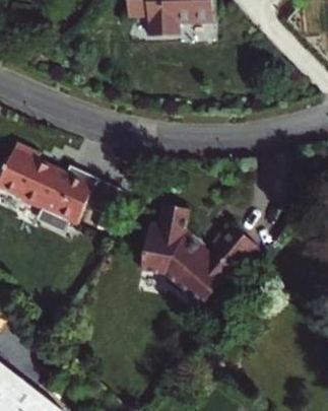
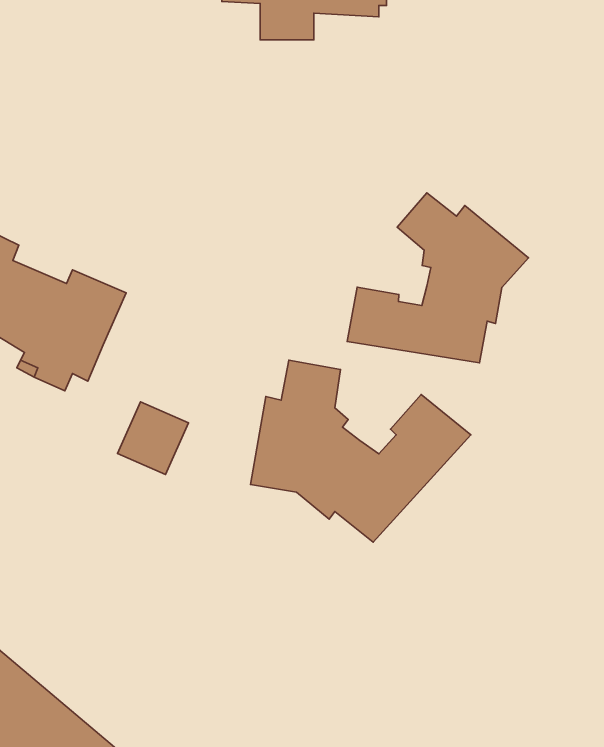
building: none -> [347,193,529,363]
building: [61,168,99,207] -> [118,402,189,475]

